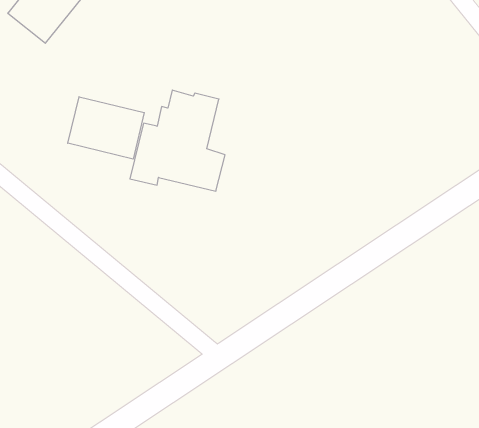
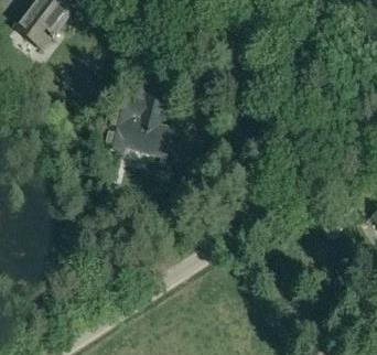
building: [68,97,144,159] -> none

